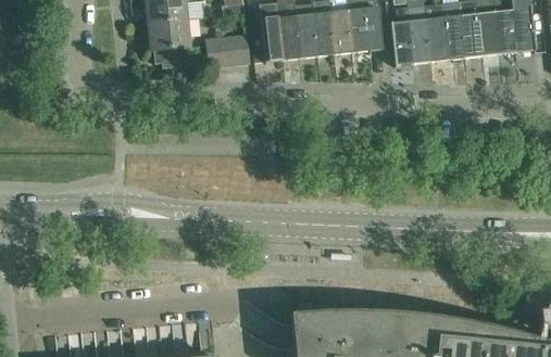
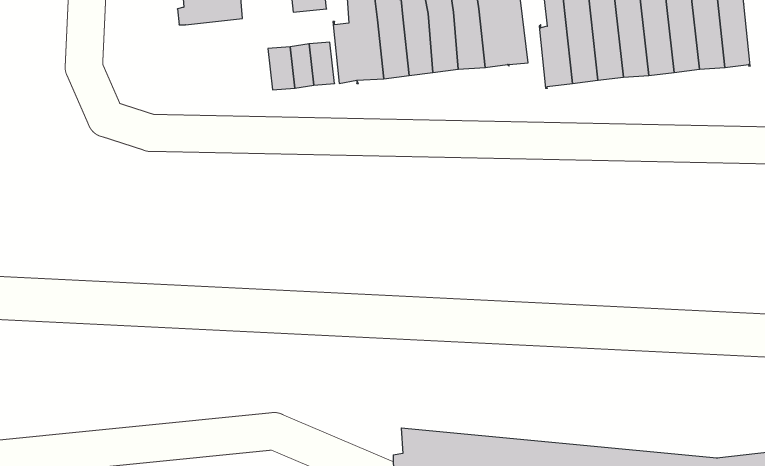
building: [147,18,191,67] -> none

